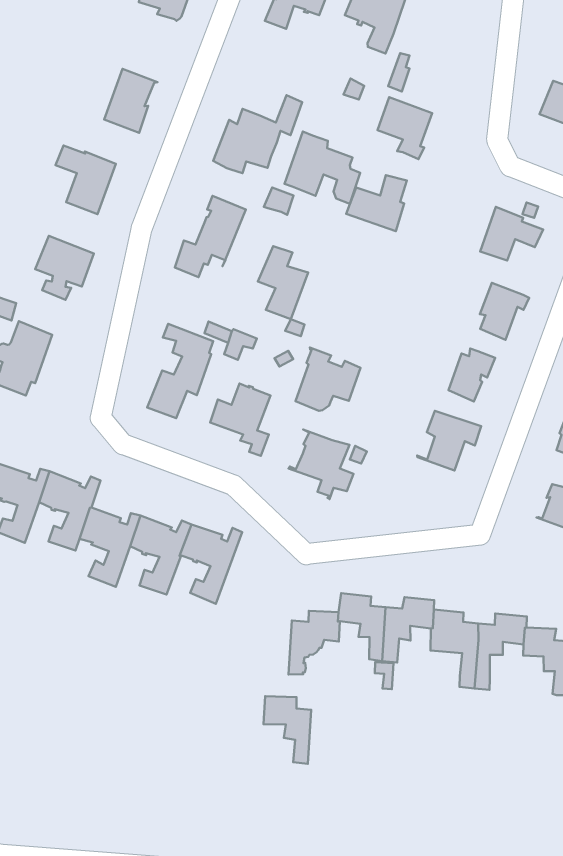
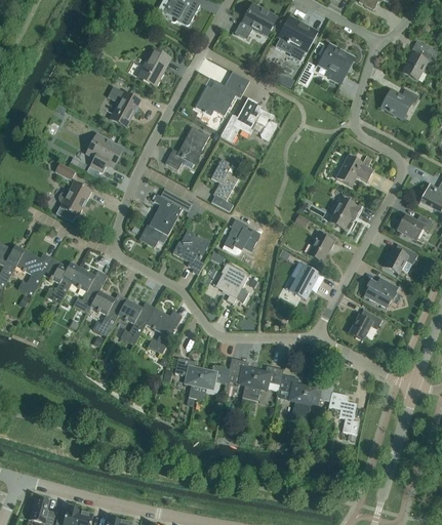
building: [377,97,432,159] -> [320,46,352,83]
building: [346,175,407,231] -> none
building: [264,696,311,764] -> [174,358,202,399]

